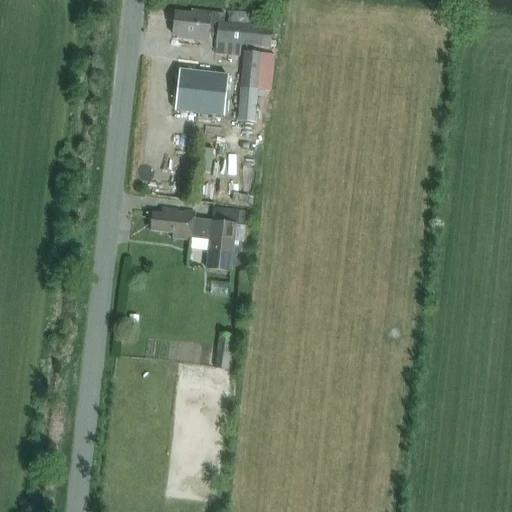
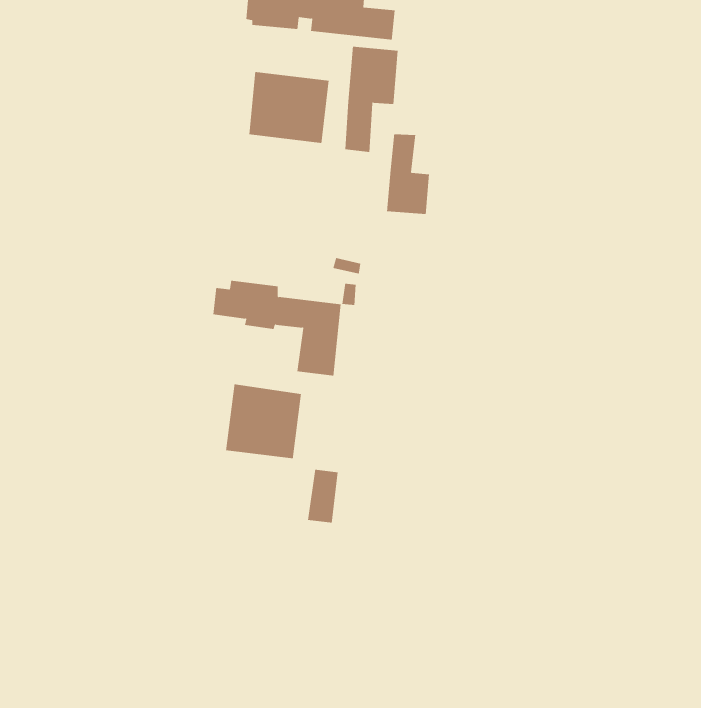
building: none -> [386,134,429,215]
building: none -> [226,384,301,459]

